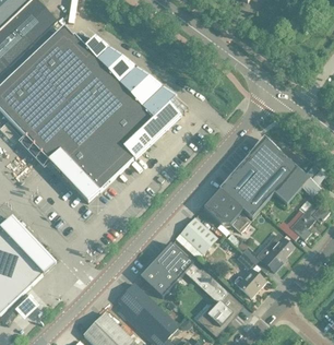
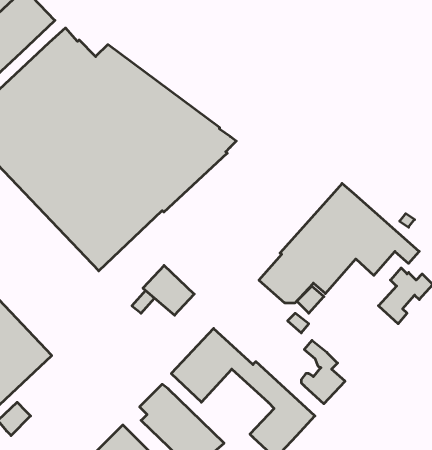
building: [180,216,217,252] -> [143,265,194,315]
building: [253,229,294,271] -> none

